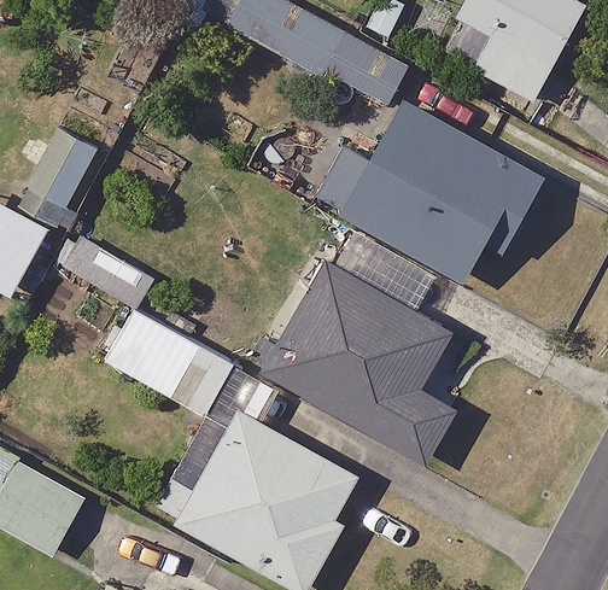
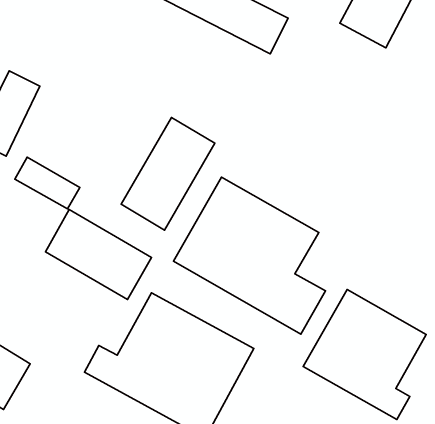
building: [315,101,542,280] -> none
building: none -> [121,117,215,230]
building: none -> [303,289,426,419]

